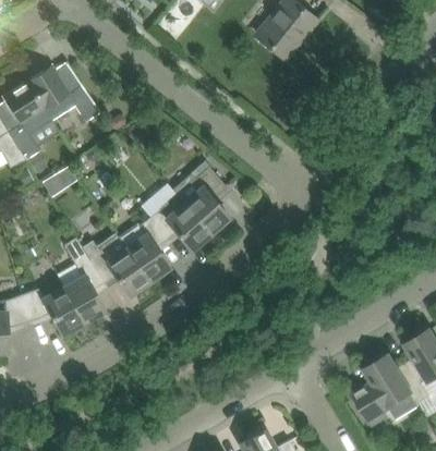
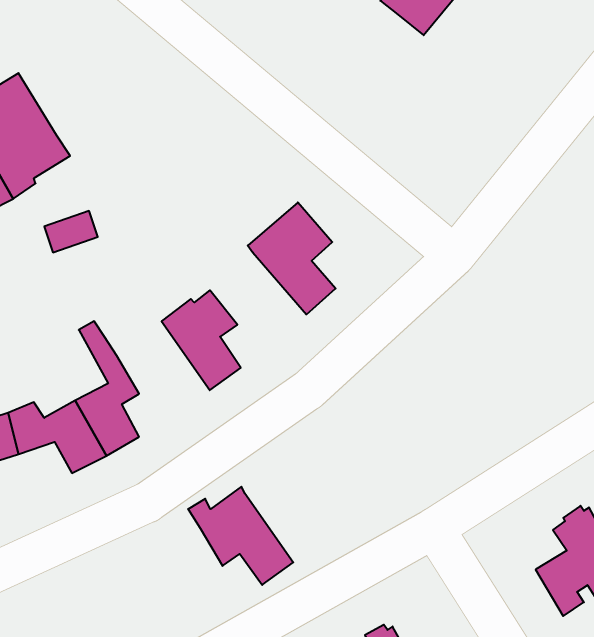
building: [27,63,100,123] -> none
building: [148,195,209,249] -> none
building: [82,234,148,296] -> [188,487,293,585]

